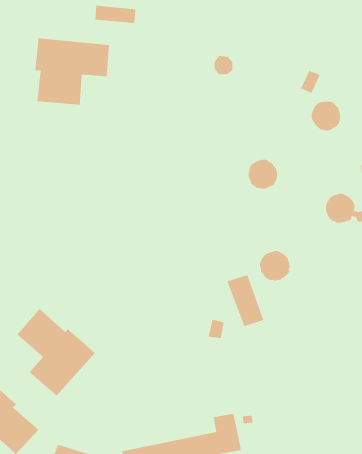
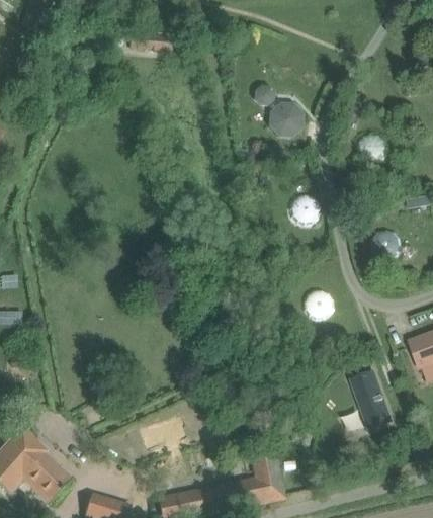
building: [35,37,110,105] -> none
building: none -> [269,102,305,138]
building: [226,274,264,327] -> [351,372,391,427]
building: [16,308,96,397] -> none

